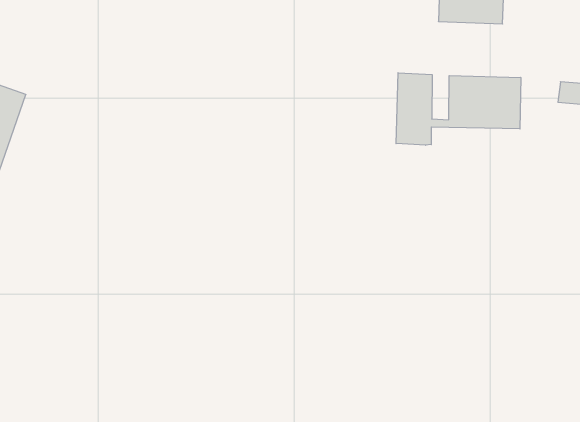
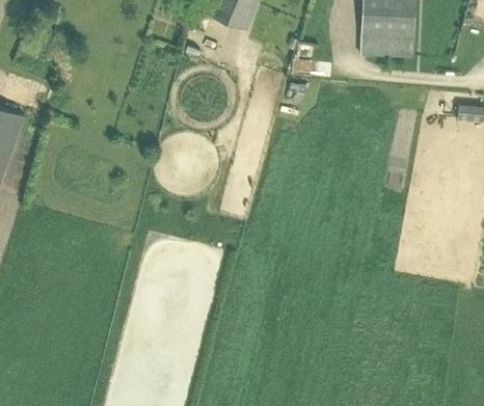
building: [396,73,521,145] -> none

